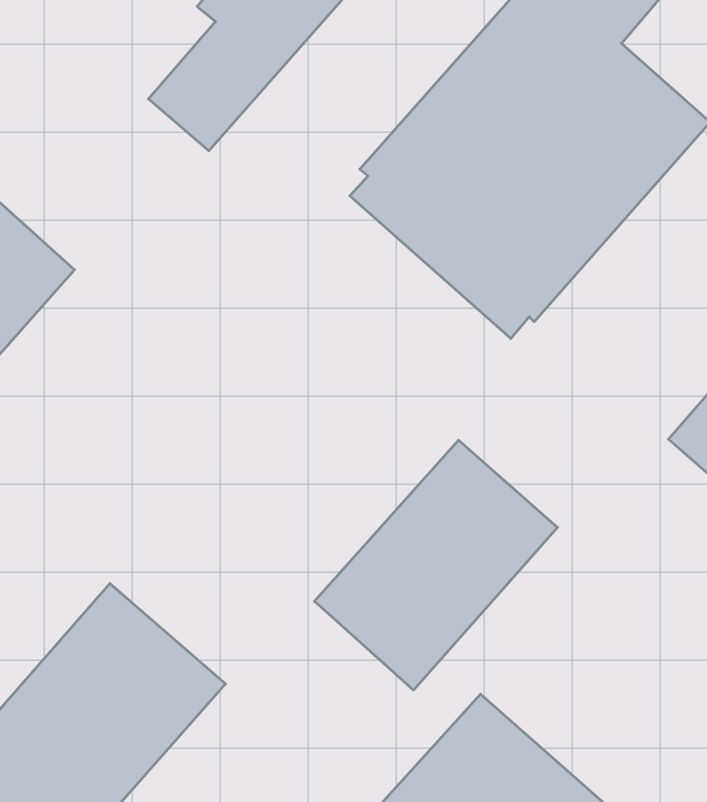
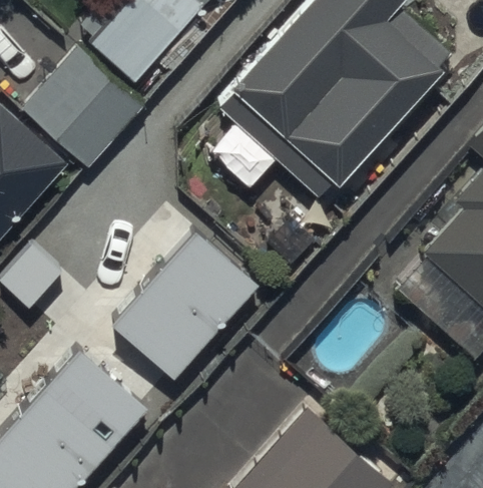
building: none -> [29,59,142,172]
building: [314,440,558,690] -> [114,230,260,380]

